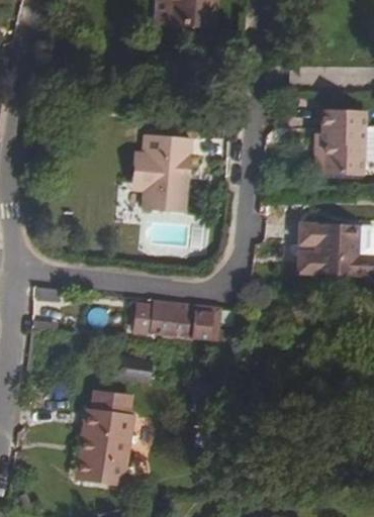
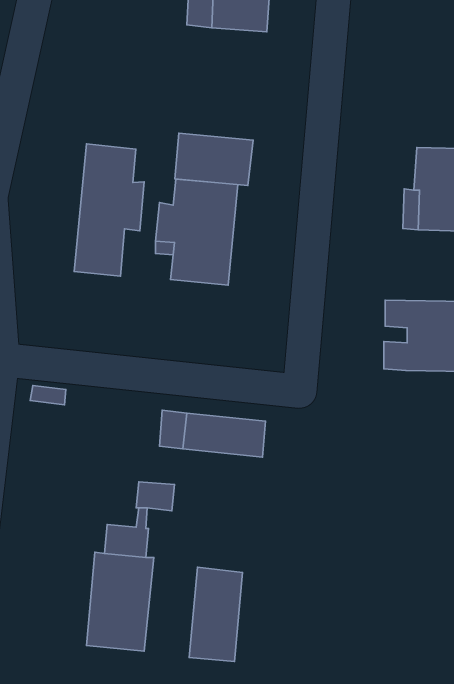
building: none -> [175,133,253,186]
building: none -> [74,144,144,276]
building: none -> [189,567,243,661]

